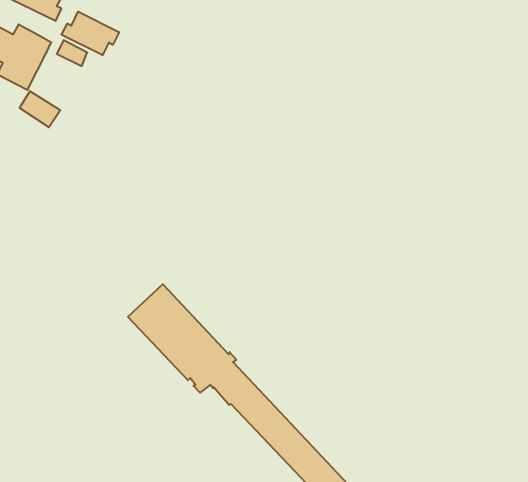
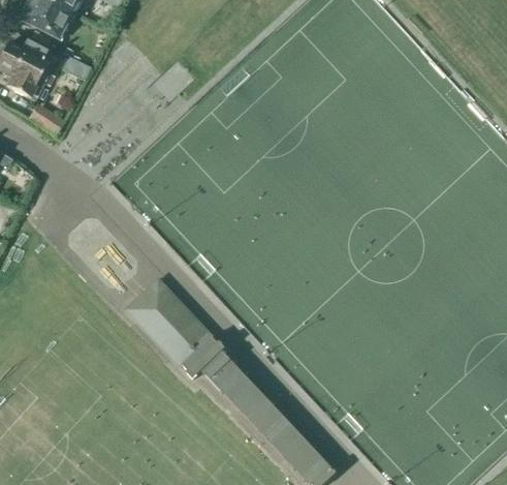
building: [61,12,119,55] -> none

